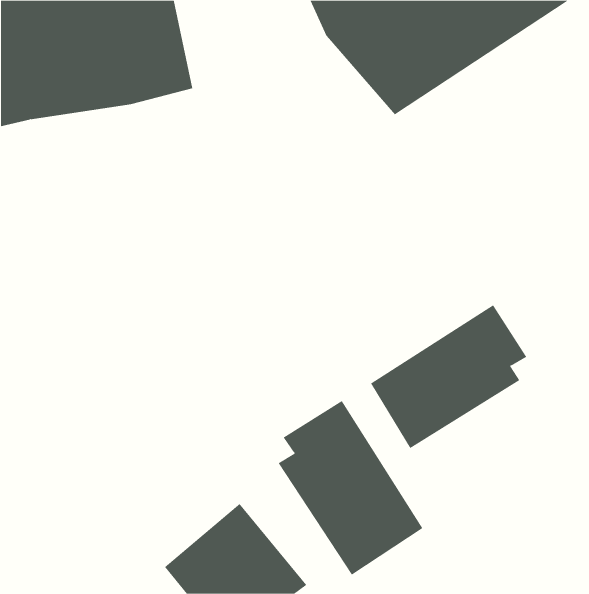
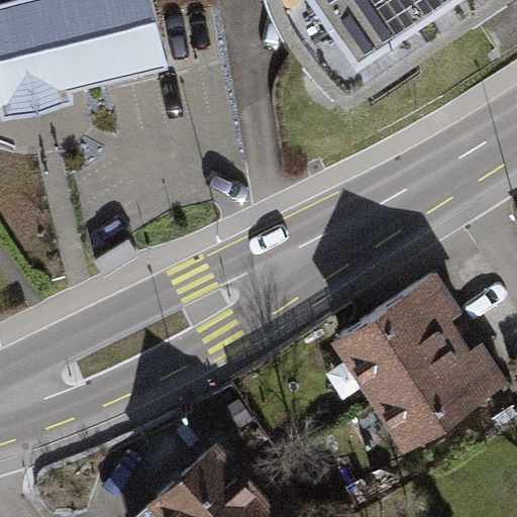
building: none -> [360,330,506,449]
building: [278,400,423,576] -> none

